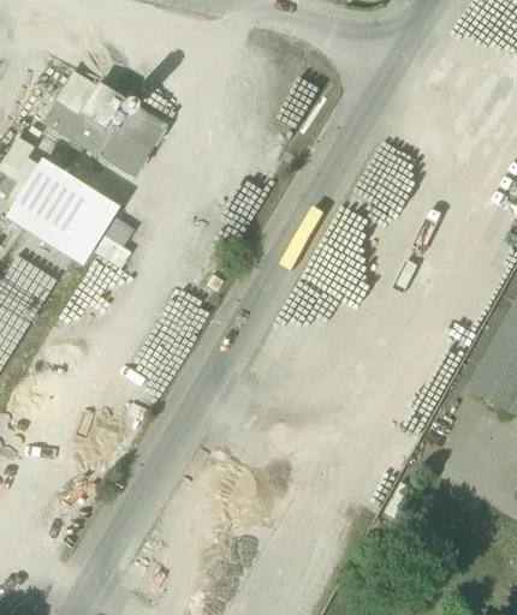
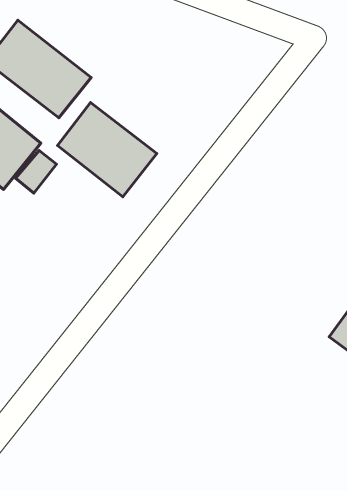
building: none -> [57,103,157,197]

